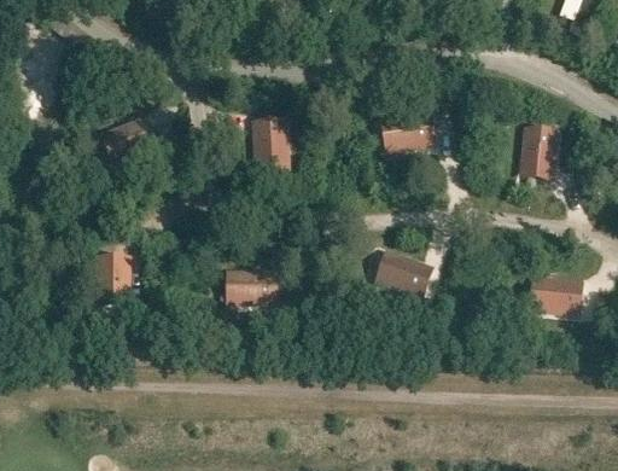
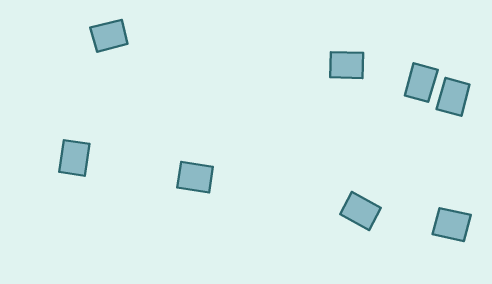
building: none -> [405,63,438,102]
building: [253,120,285,159] -> none
building: [384,254,430,295] -> [340,192,381,230]

